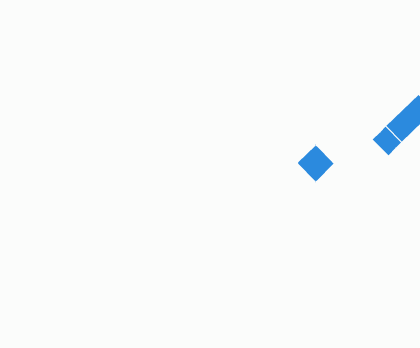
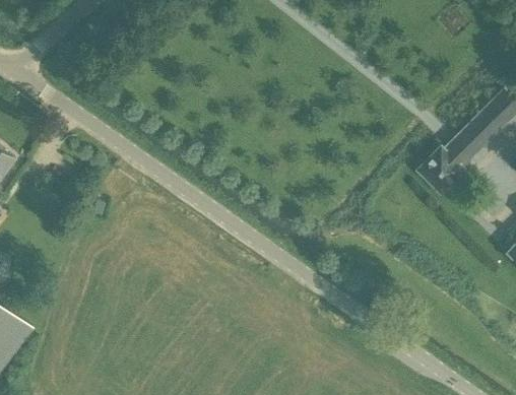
building: [295,144,335,183] -> [417,149,459,191]

